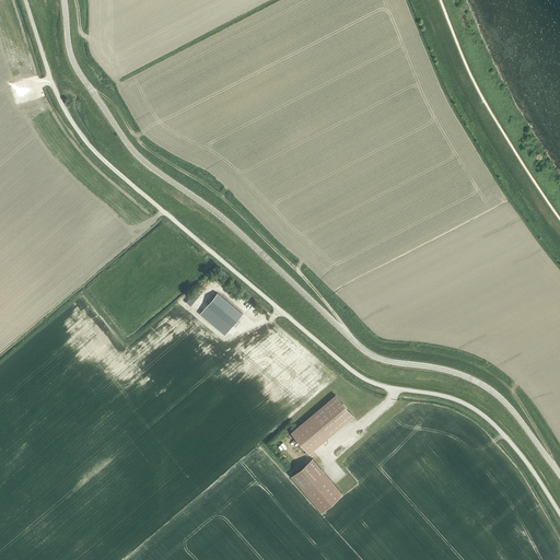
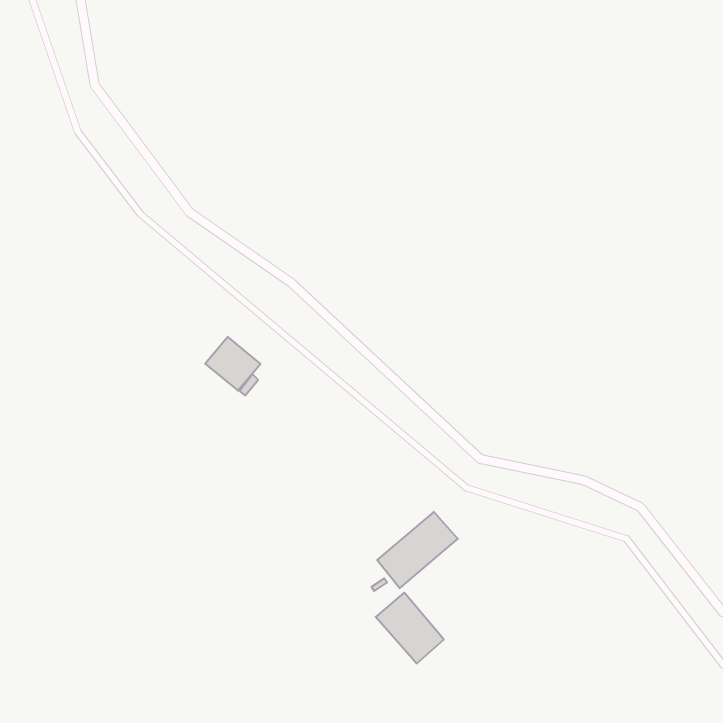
building: [199,294,242,336] -> [205,337,260,391]

